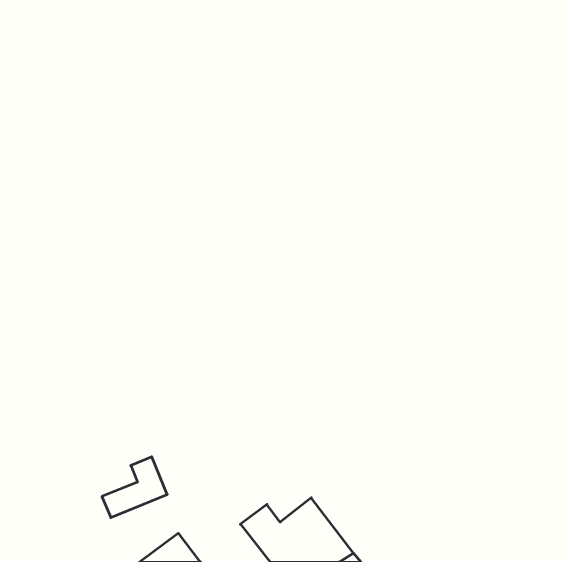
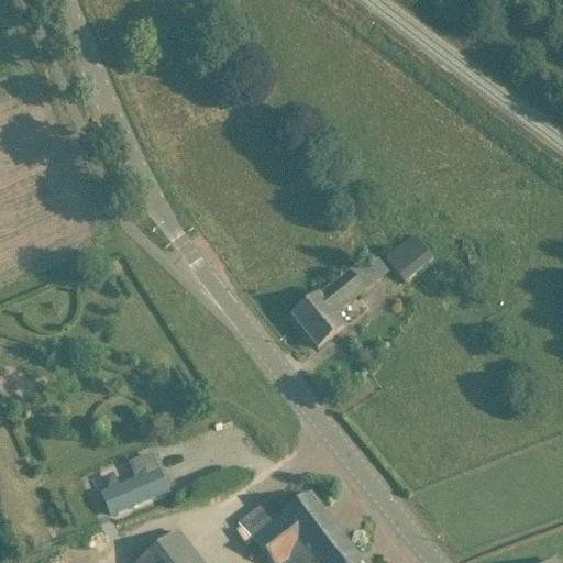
building: none -> [385,235,431,280]
building: none -> [290,262,376,347]

